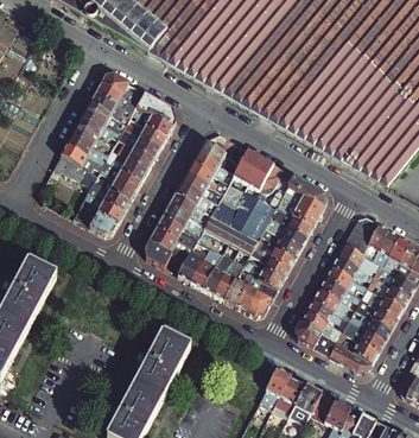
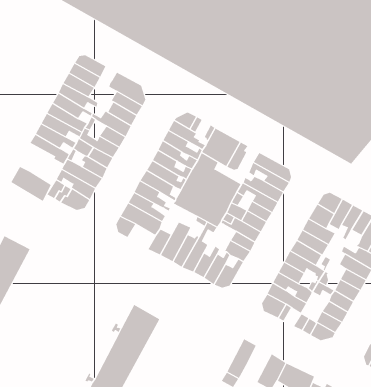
building: none -> [11,166,52,202]
building: [280,374,306,412] -> none

